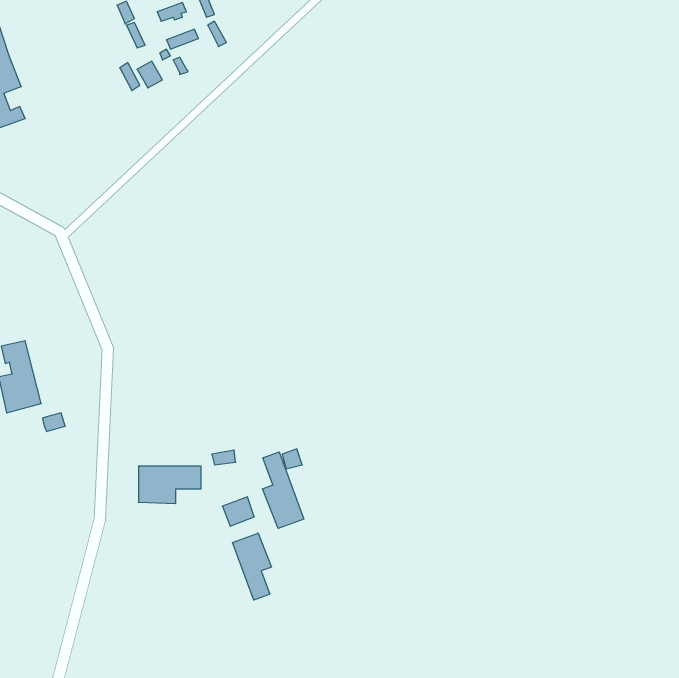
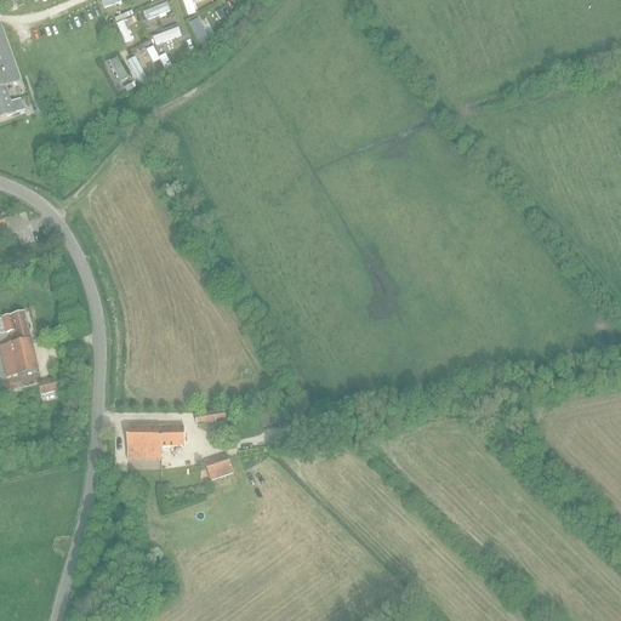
building: [263,452,304,528] -> none
building: [233,533,272,600] -> none

